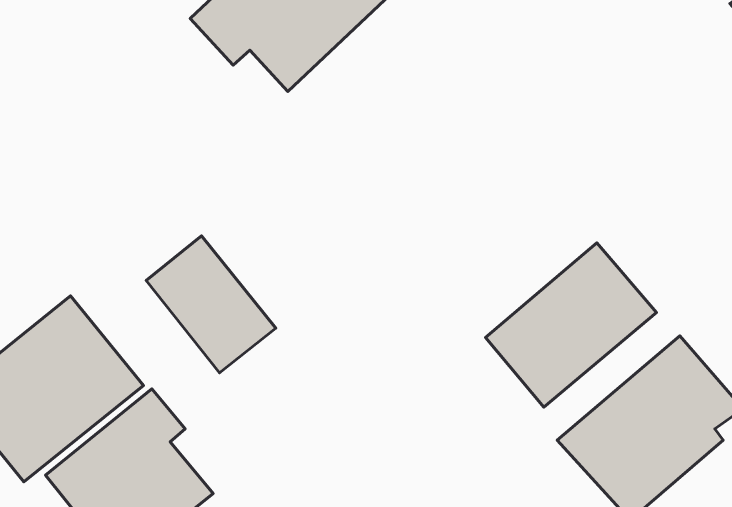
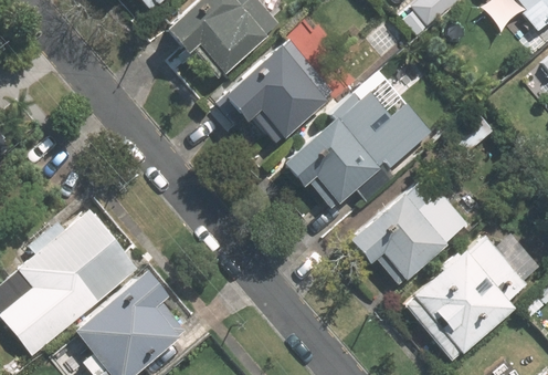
building: none -> [215,33,340,144]
building: none -> [286,72,434,213]
building: [146,236,276,373] -> none

